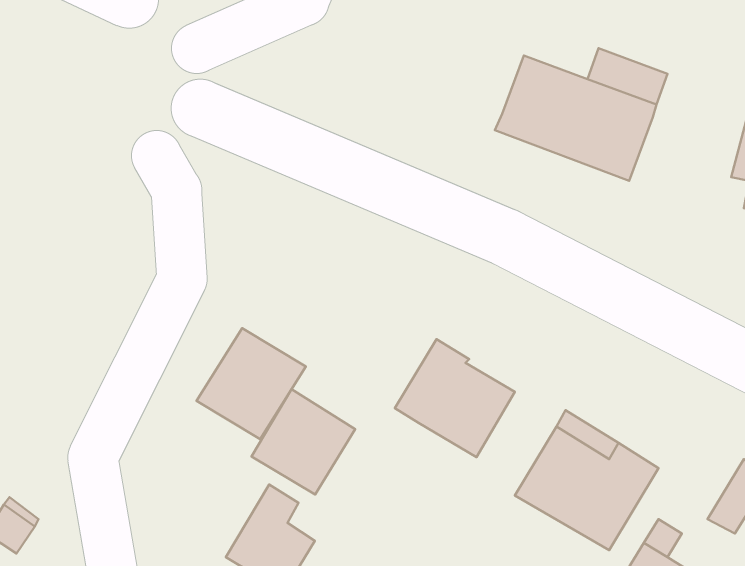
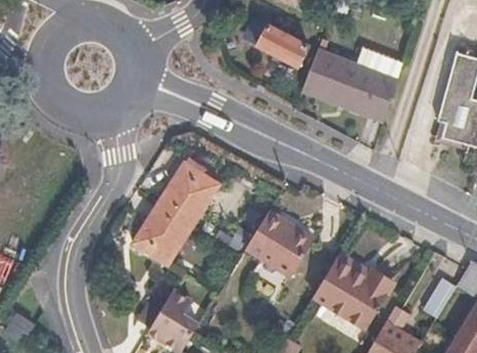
building: none -> [260,26,304,62]
building: [251,389,355,495] -> [159,165,218,224]

